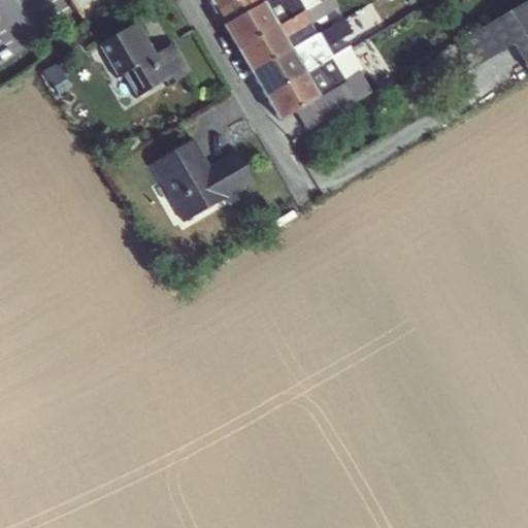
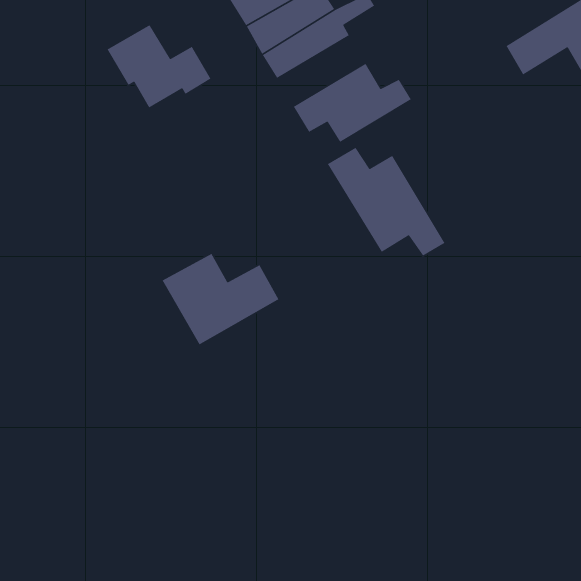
building: [253,16,355,96] -> none
building: none -> [327,147,446,257]
building: [152,138,258,222] -> [162,253,279,345]

